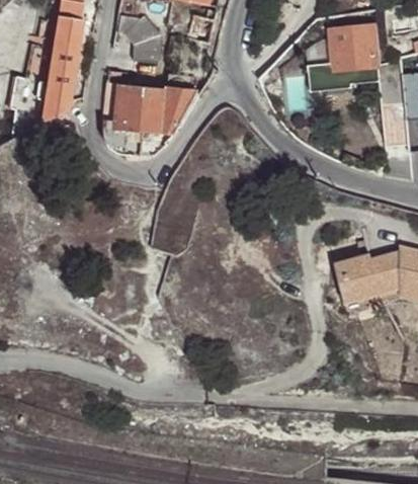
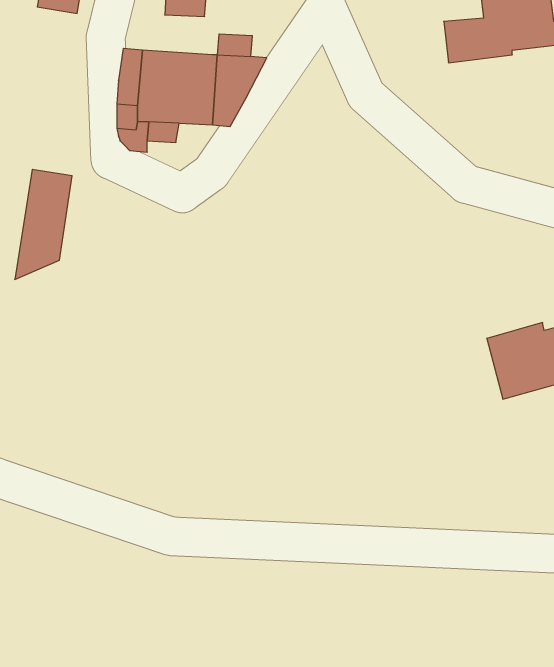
building: [40,55,77,125] -> [15,169,72,279]

